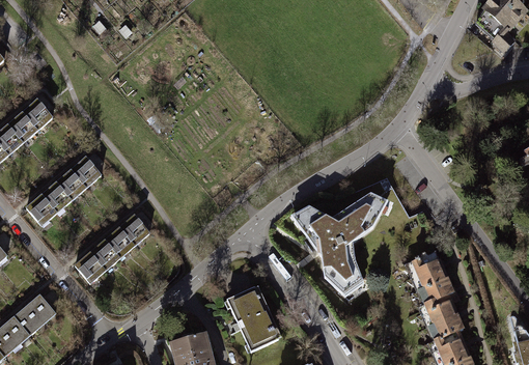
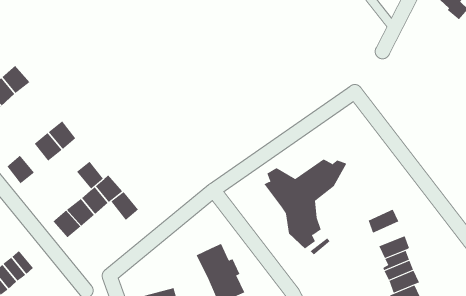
building: [41,182,71,213] -> [76,161,104,189]
building: none -> [111,191,139,221]
building: [414,264,448,290] -> none

